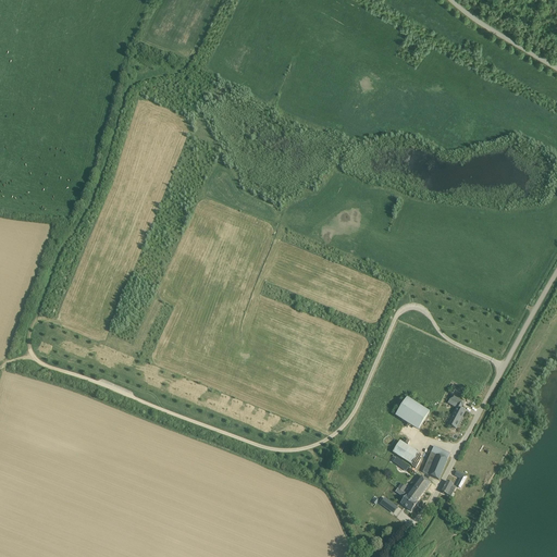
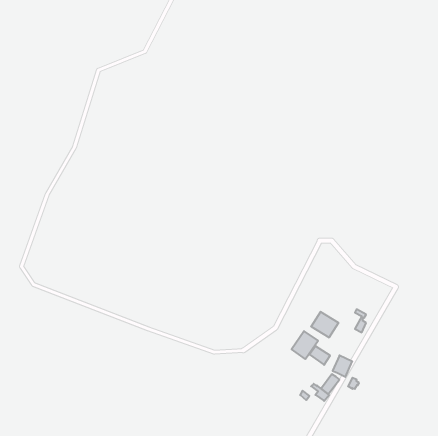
building: none -> [292,331,318,359]

